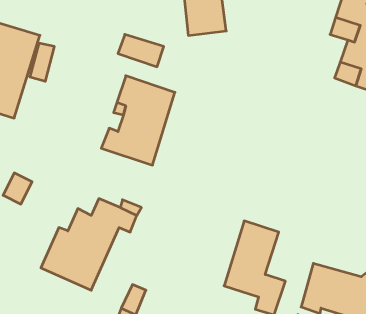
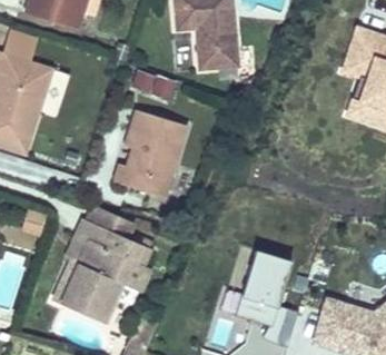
building: none -> [63,217,111,264]

